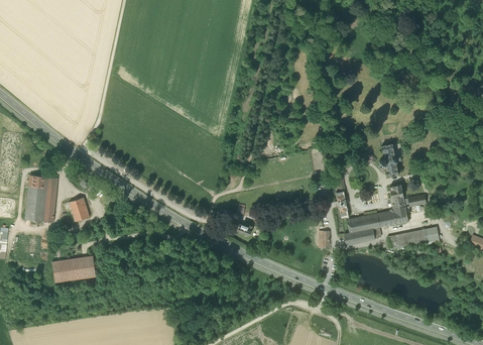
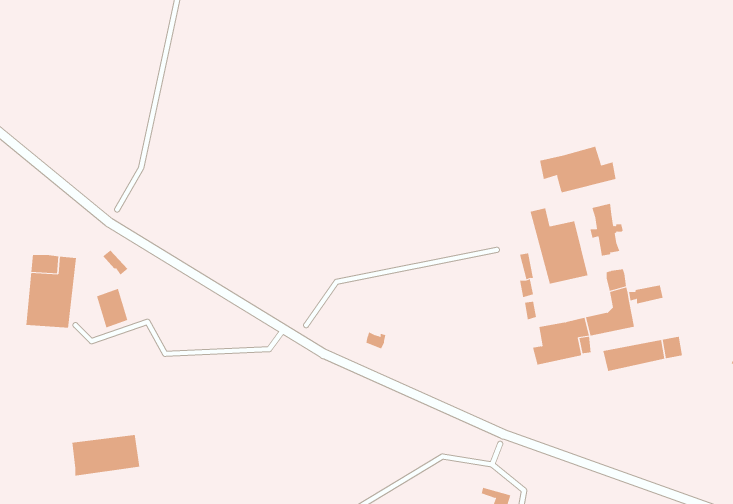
building: none -> [539,146,616,193]
building: none -> [530,207,588,285]
building: [52,255,96,281] -> [71,435,140,476]

